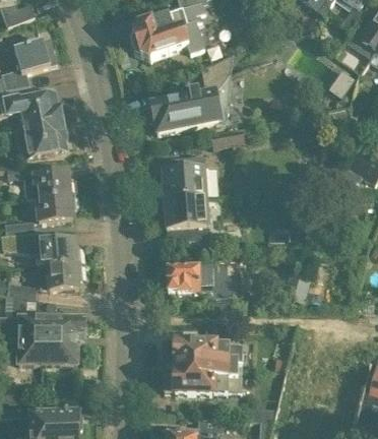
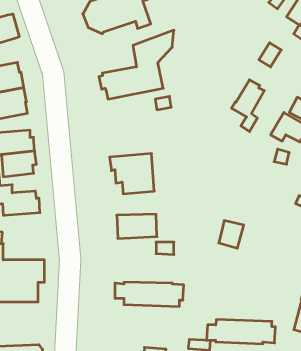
building: none -> [232,80,264,132]
building: [158,153,206,199] -> none
building: [39,262,81,290] -> none
building: [164,367,242,394] -> [207,320,275,344]

